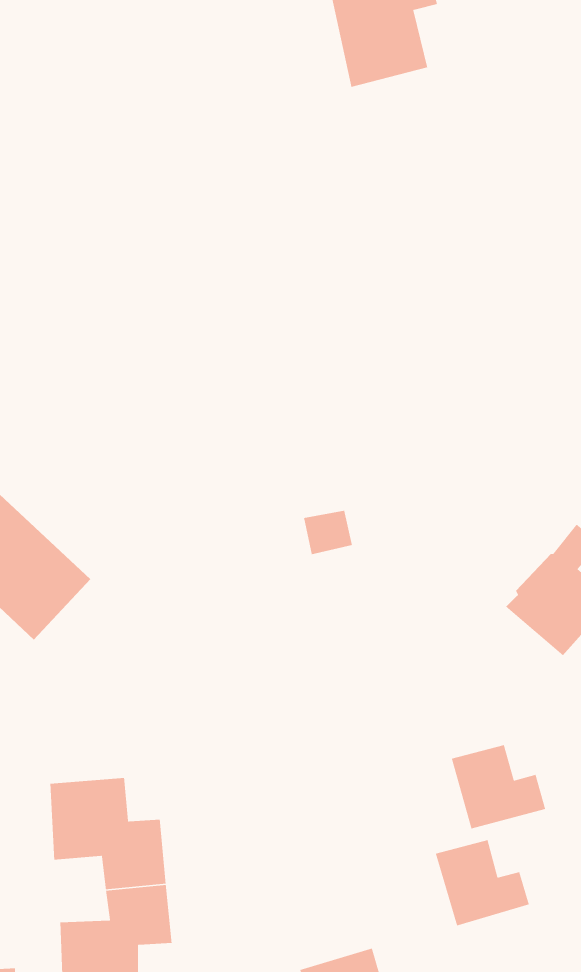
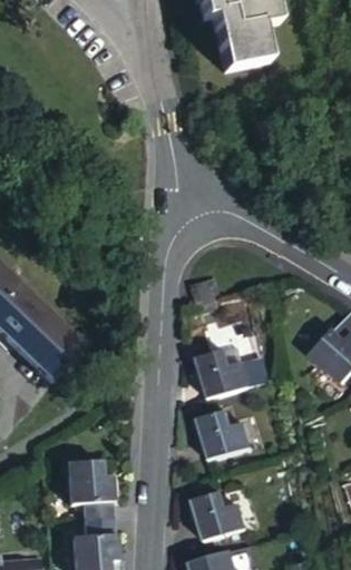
building: none -> [199,327,260,400]
building: [451,744,546,829] -> [199,413,253,461]
building: [435,839,530,926] -> [195,493,248,542]

